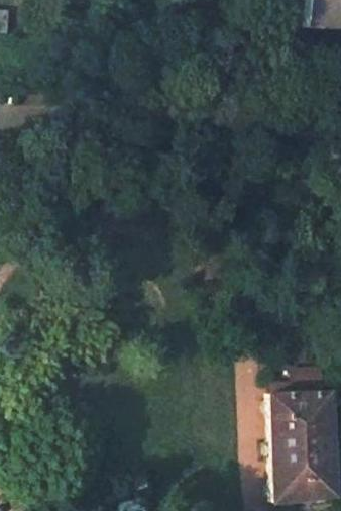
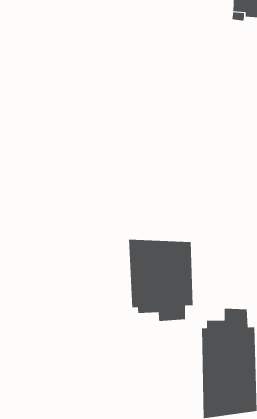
building: none -> [128,239,193,322]

